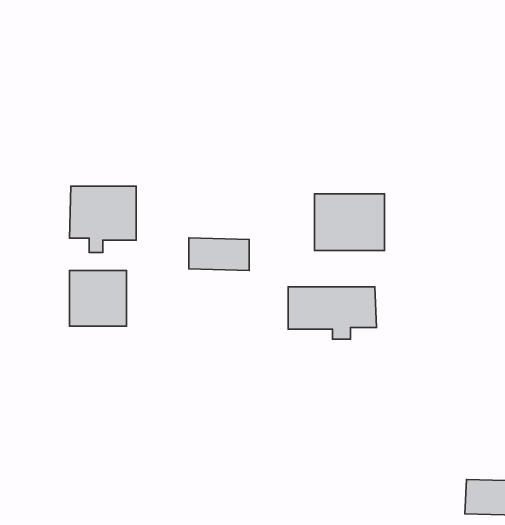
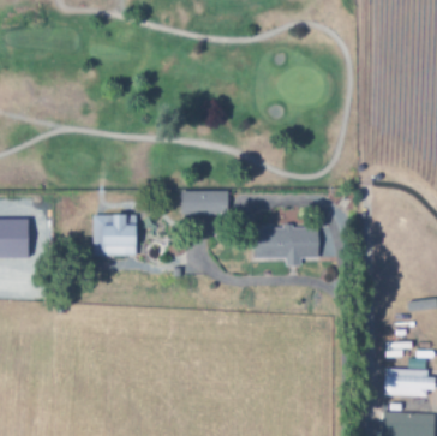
building: [70,186,136,253] -> none
building: [314,194,385,250] -> none

